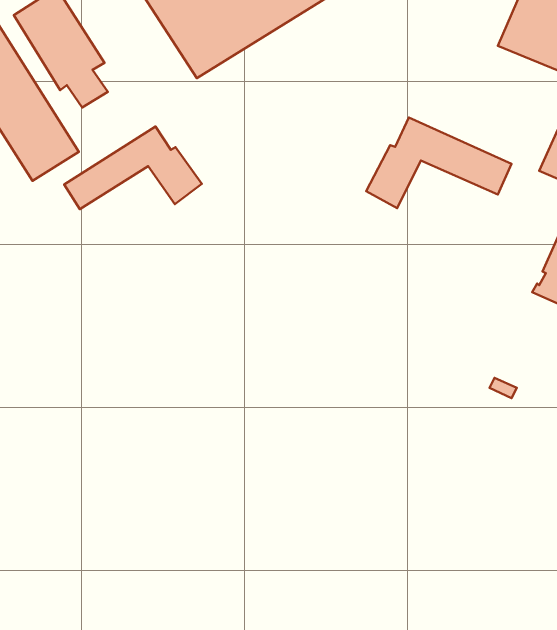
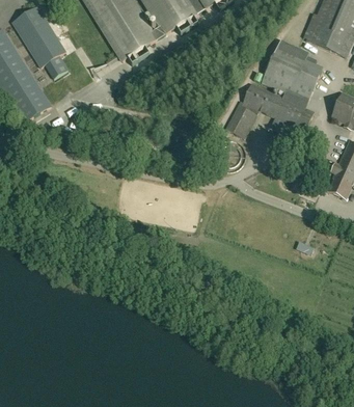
building: none -> [260,39,322,103]
building: [64,127,202,209] -> none

